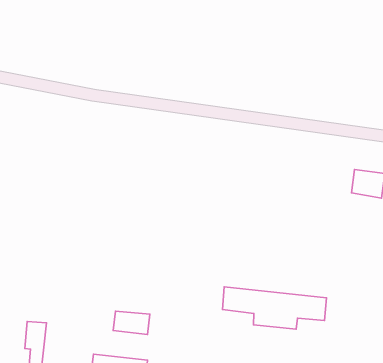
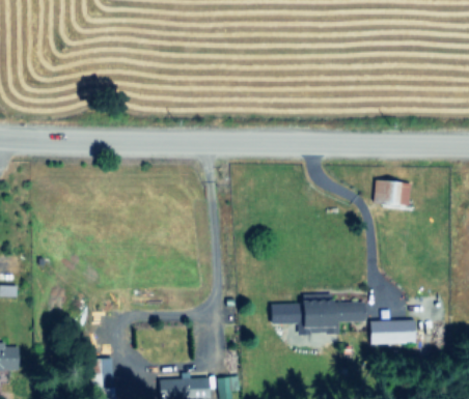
building: [113,311,150,334] -> none
building: none -> [371,320,416,343]

